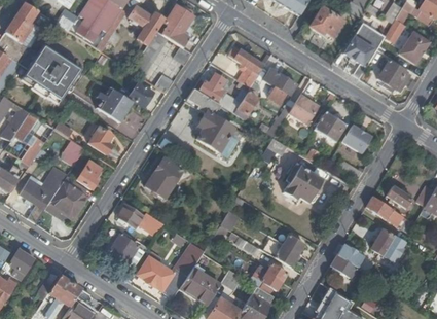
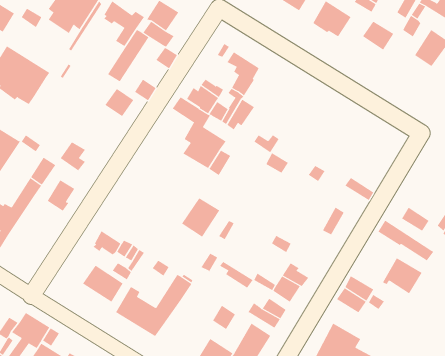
building: [342,36,371,78] -> none
building: [378,61,410,91] -> none
building: [265,69,296,104] -> none
building: [99,87,133,121] -> none
building: [288,93,319,125] -> none
building: [315,112,344,142] -> none
building: [341,125,371,153] -> none
building: [148,158,182,193] -> [181,197,220,238]
building: [285,166,325,205] -> none
building: [45,175,88,218] -> none
building: [180,265,220,305] -> none

